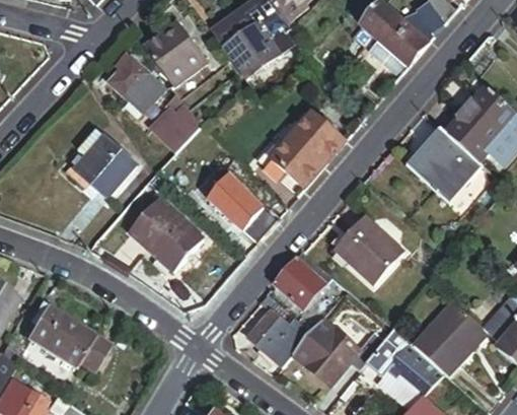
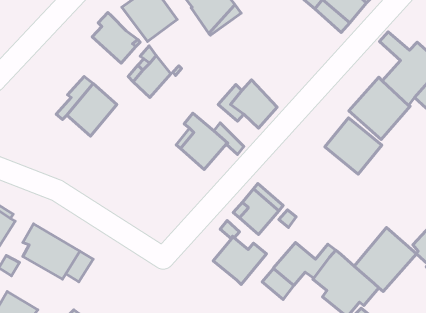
building: [294,111,344,162] -> none
building: [129,202,203,275] -> none
building: [334,219,399,284] -> [325,118,382,174]

